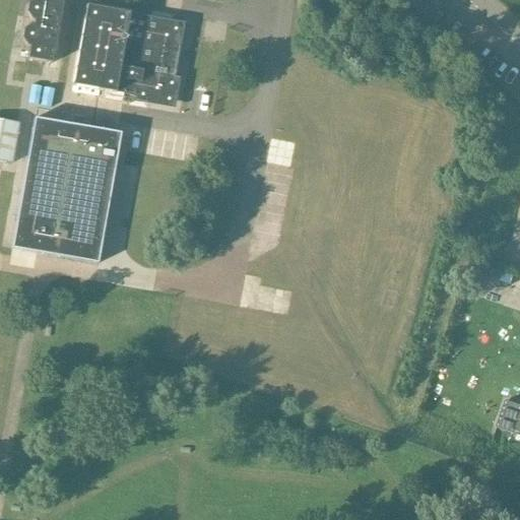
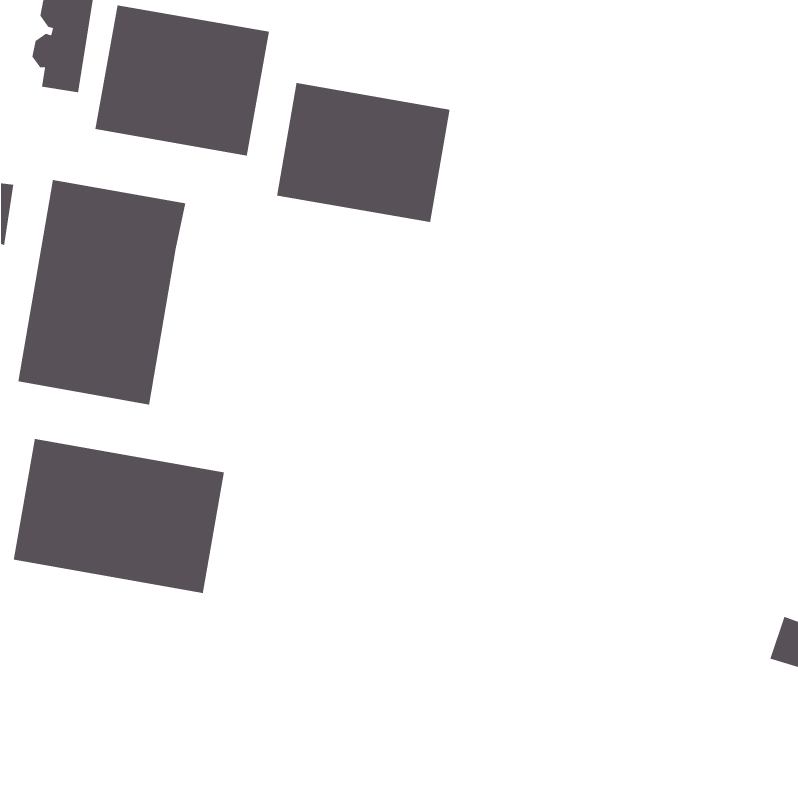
building: none -> [277,82,450,223]
building: none -> [13,438,224,594]

